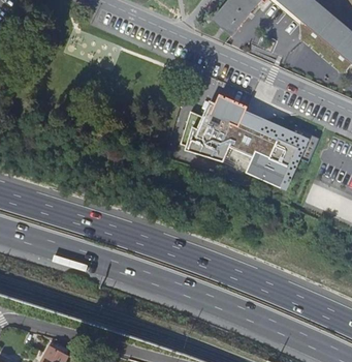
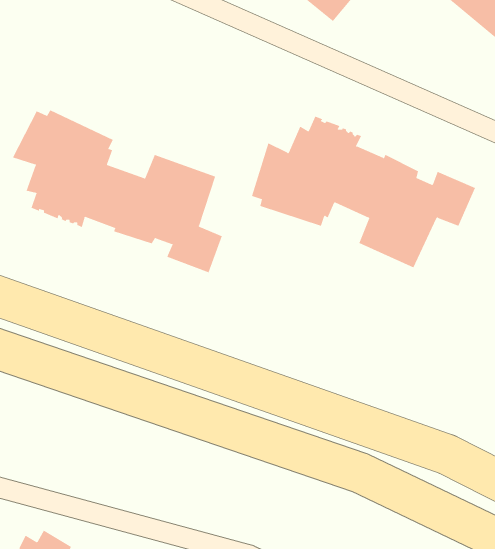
building: none -> [12,110,223,273]

